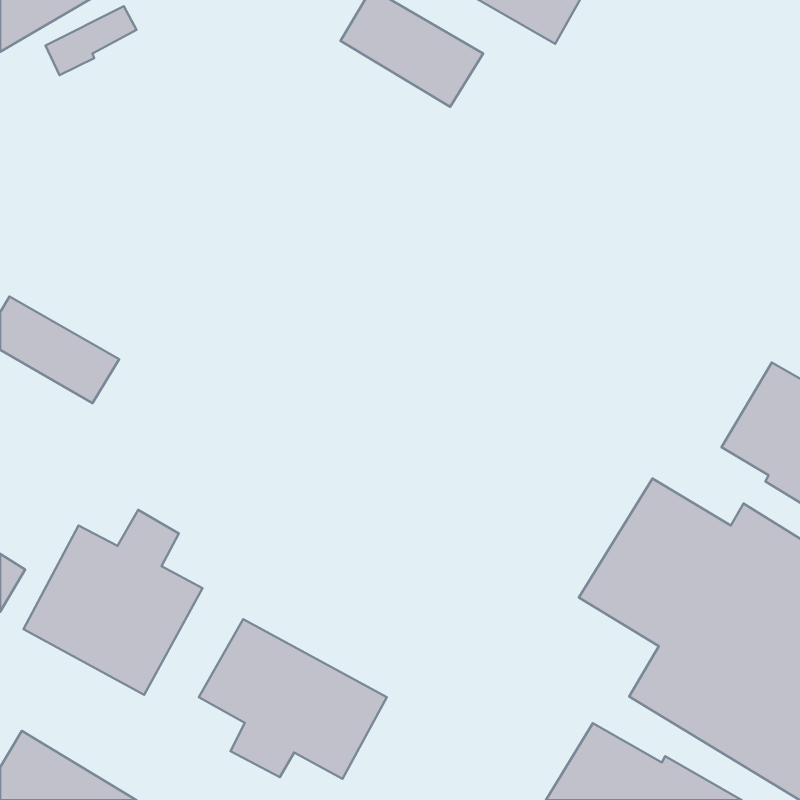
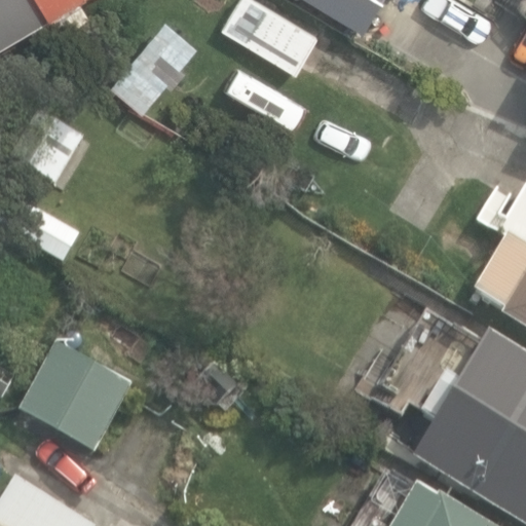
building: [199,619,387,779] -> none

